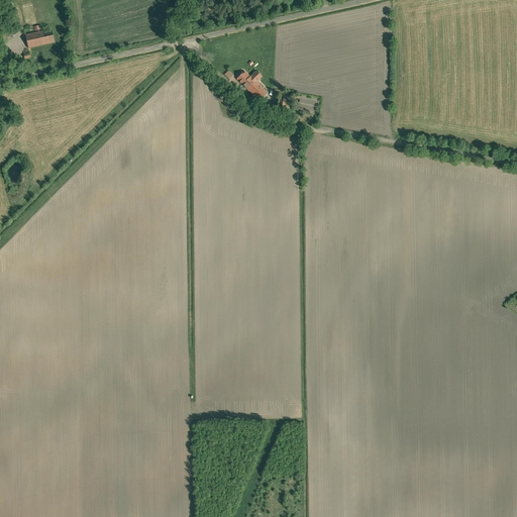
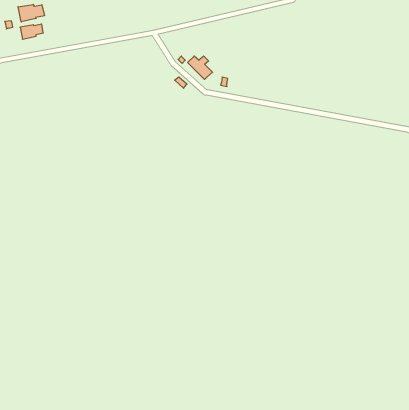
building: none -> [18,4,44,22]

